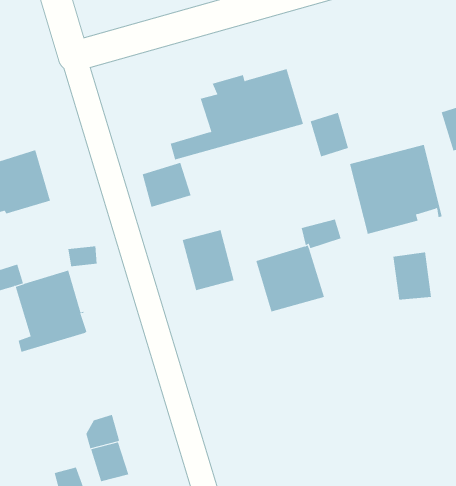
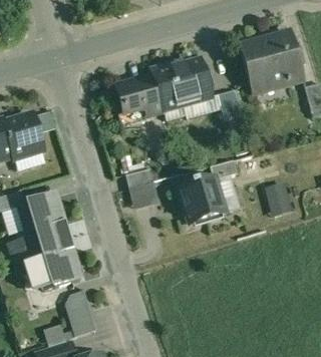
building: [349,144,443,234] -> [240,31,302,91]
building: [142,162,191,207] -> [115,79,148,109]
building: none -> [22,236,79,289]

